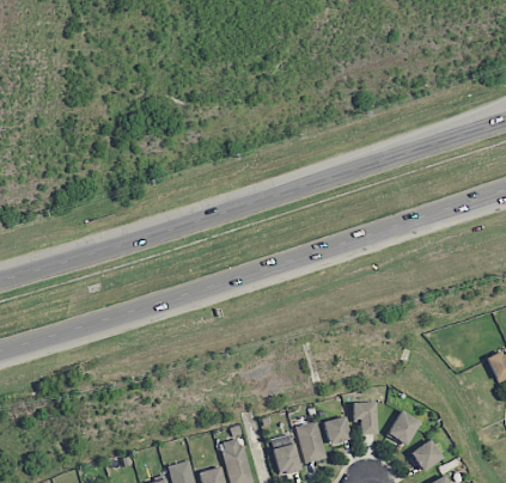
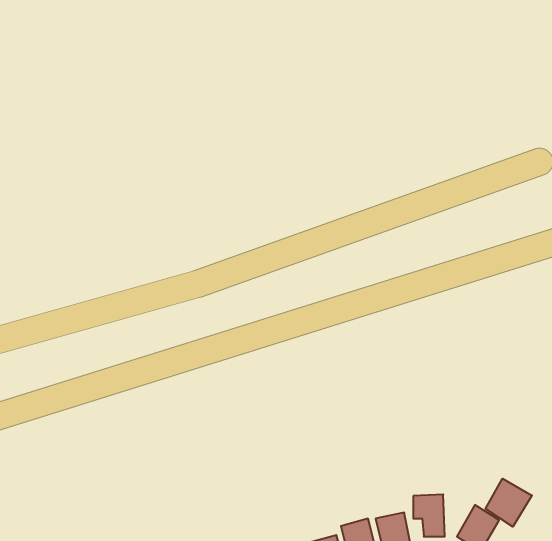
building: none -> [486,479,532,527]

